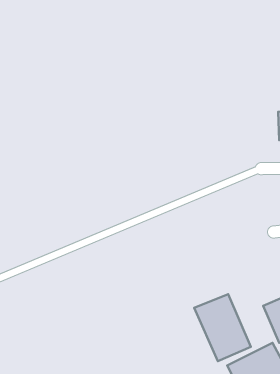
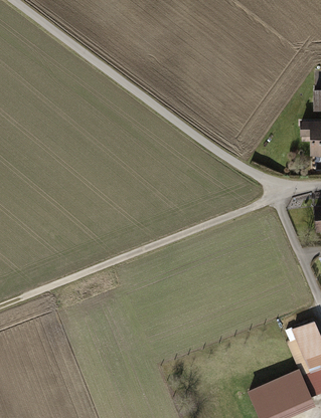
building: [194,294,251,361] -> none

